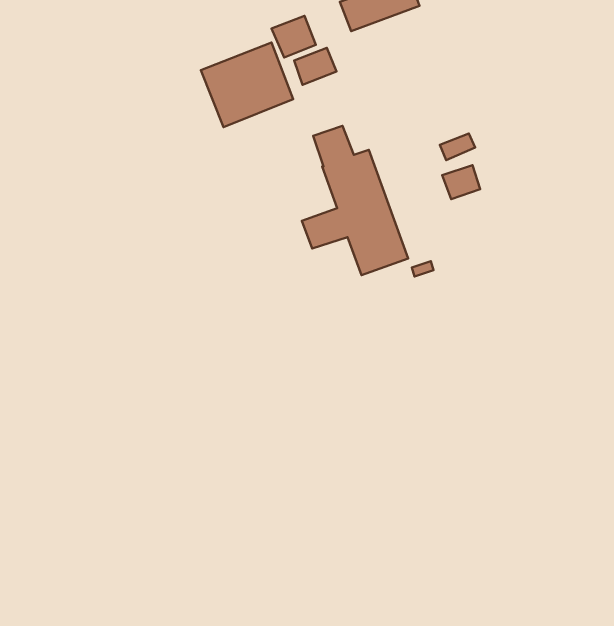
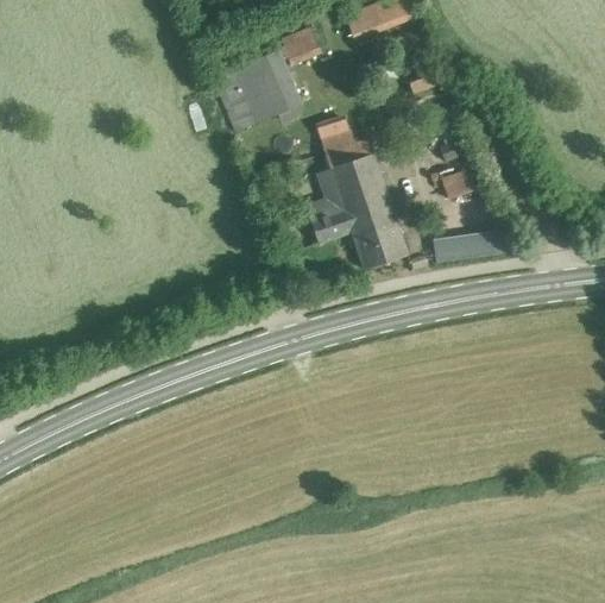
building: [294,48,337,85] -> none
building: none -> [436,228,511,258]

